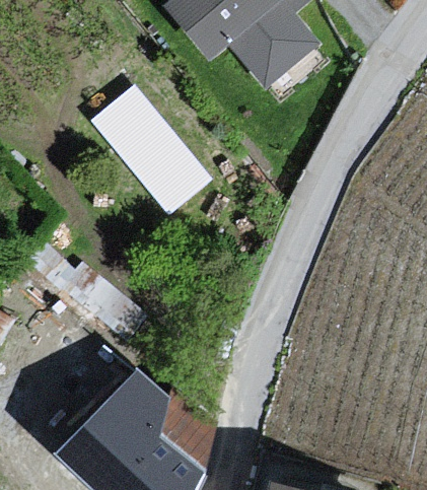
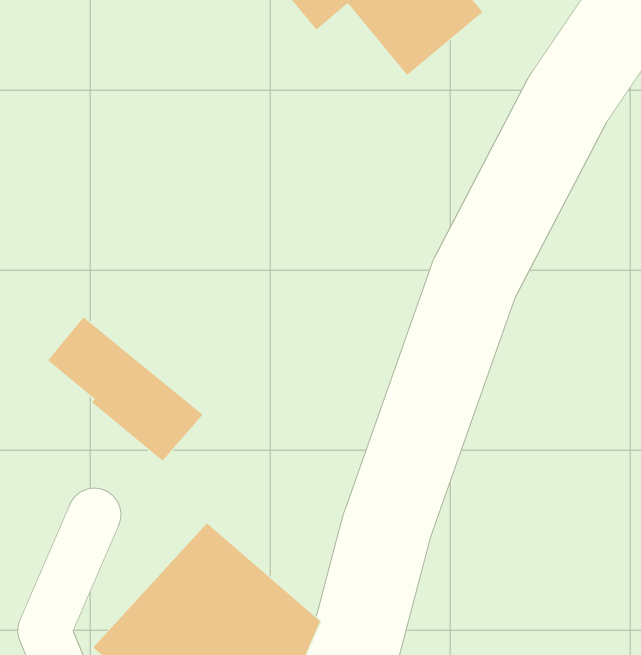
building: [93,90,200,207] -> none

